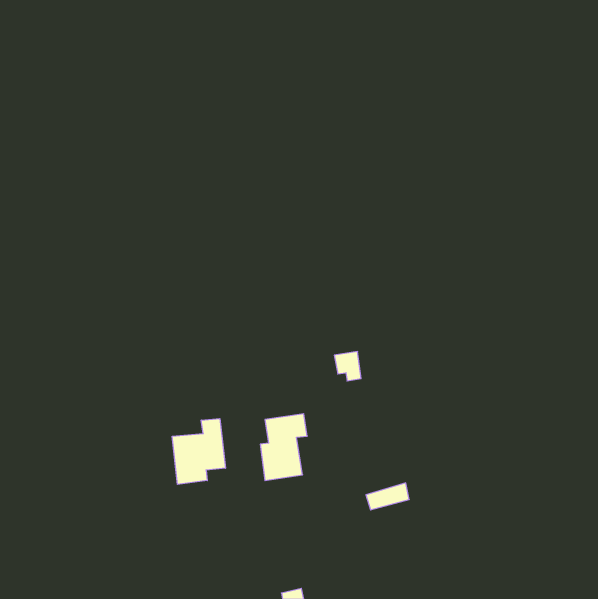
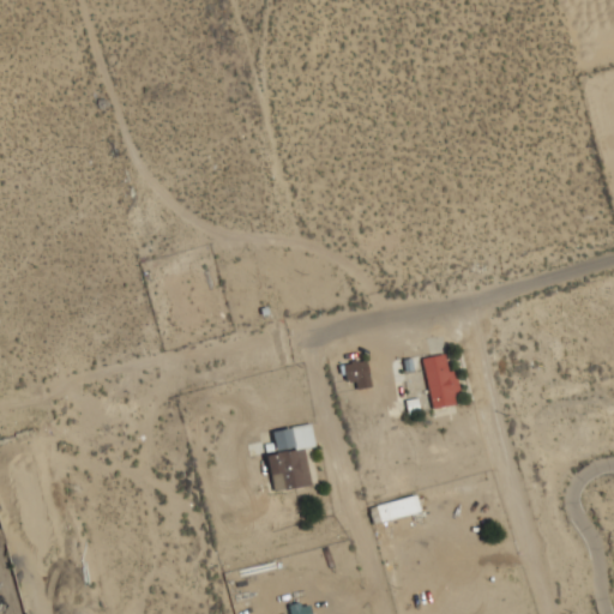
building: none -> [422,353,460,409]
building: [172,419,225,484] -> none

